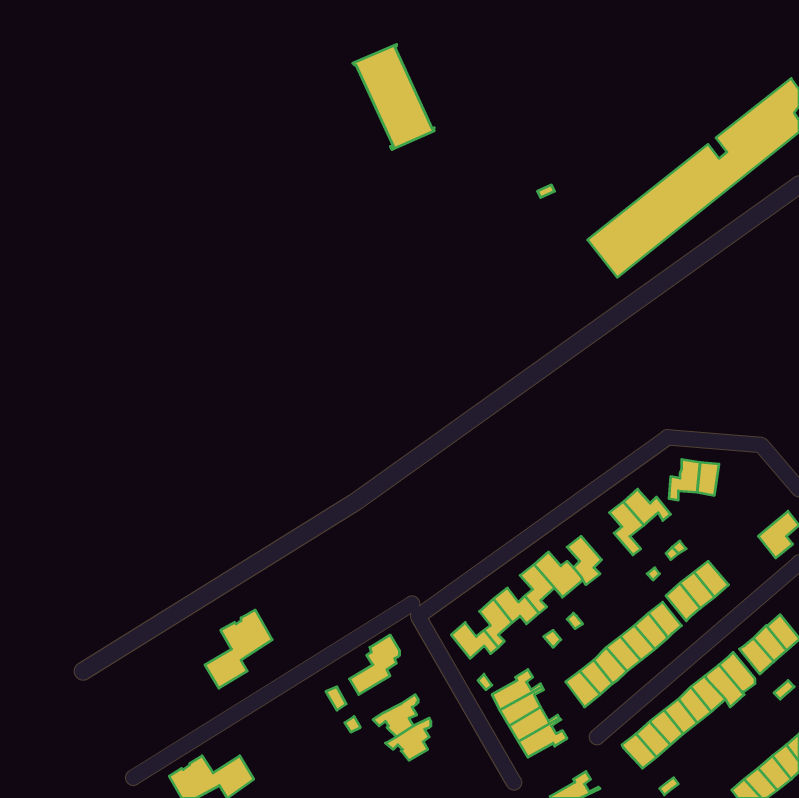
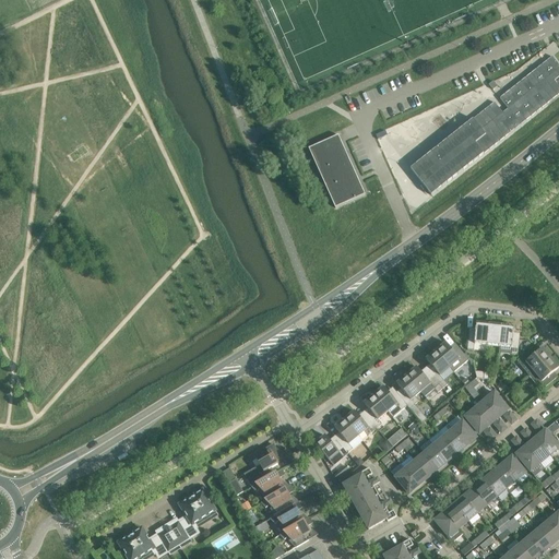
building: [353,44,434,150] -> [307,133,364,206]
building: none -> [498,323,518,353]
building: none -> [515,346,549,373]
building: none -> [405,365,441,394]
building: [205,610,272,688] -> [167,488,214,543]
building: none -> [250,467,282,497]
building: none -> [278,515,310,546]

